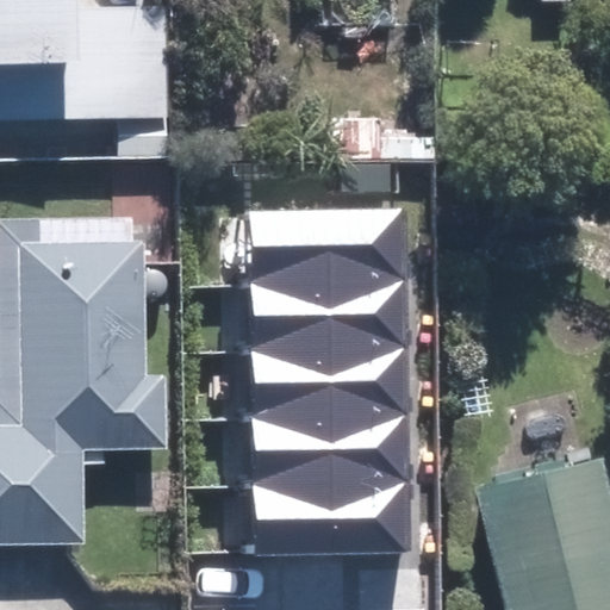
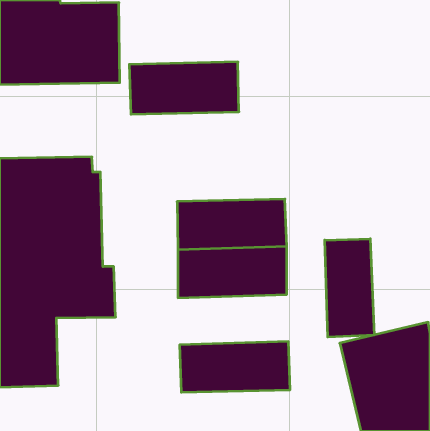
building: [248,211,403,285] -> [129,62,239,114]
building: none -> [325,239,374,337]
building: [251,416,407,487] -> none

